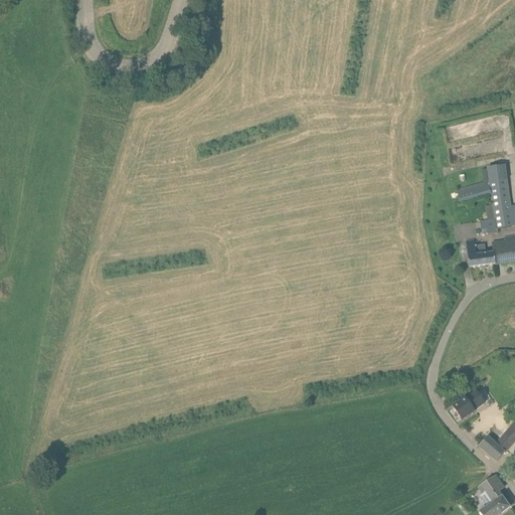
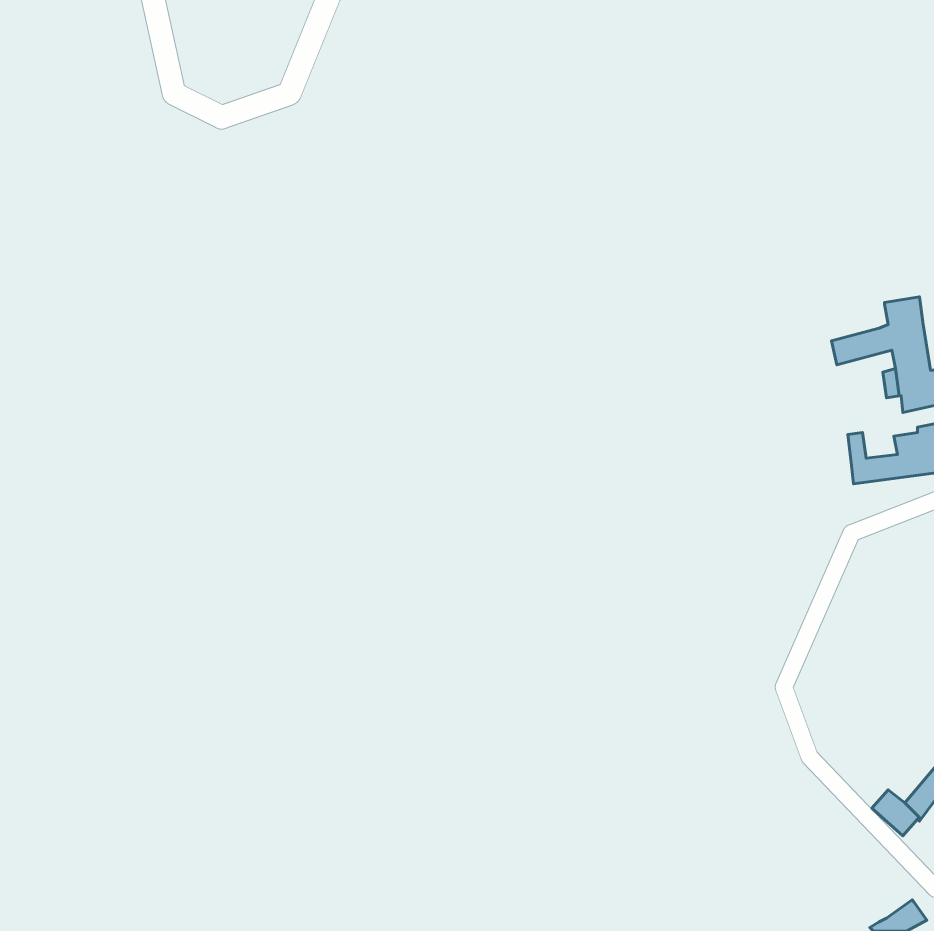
building: [453,390,484,418] -> none
building: [479,474,504,504] -> none

